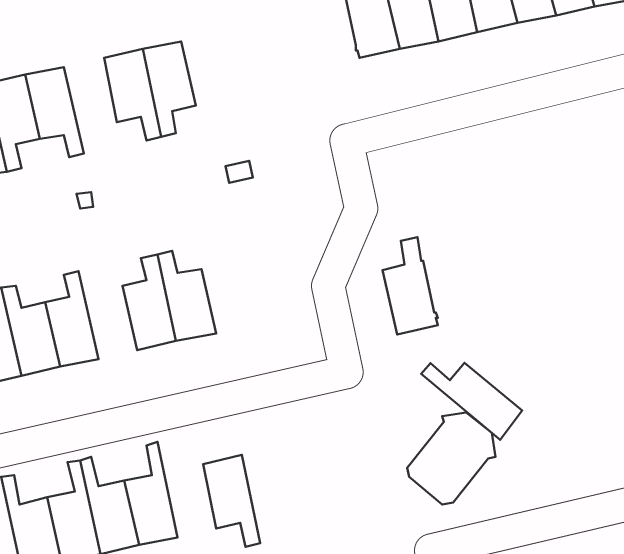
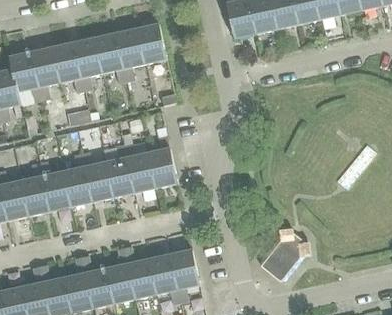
building: none -> [136,24,166,64]
building: none -> [72,38,101,90]
building: [383,237,438,334] -> [147,135,177,188]
building: none -> [80,152,112,202]
building: [421,363,522,440] -> none
building: none -> [123,246,155,299]
building: none -> [169,249,199,302]

